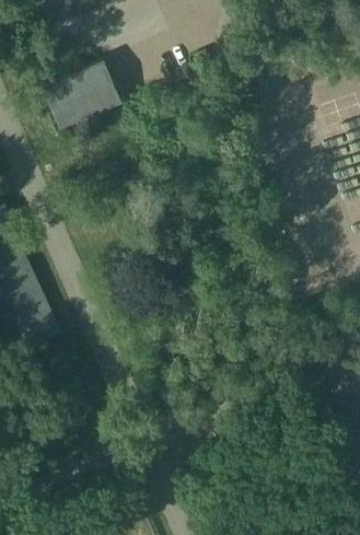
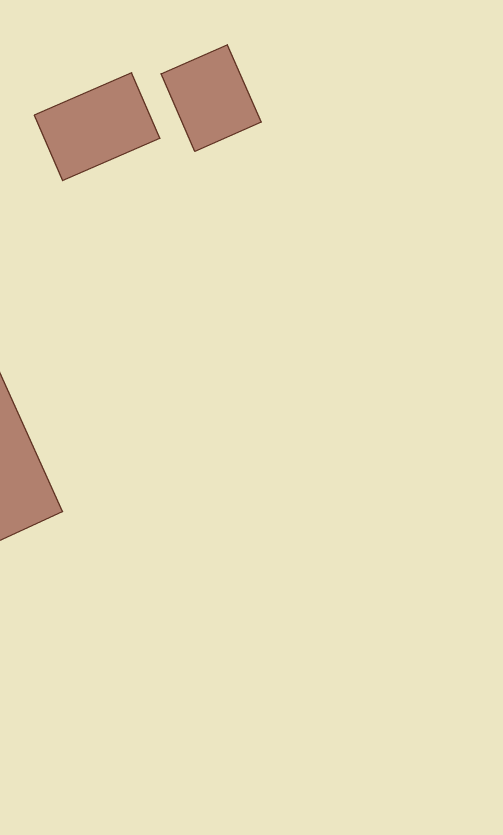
building: none -> [161,45,261,151]

